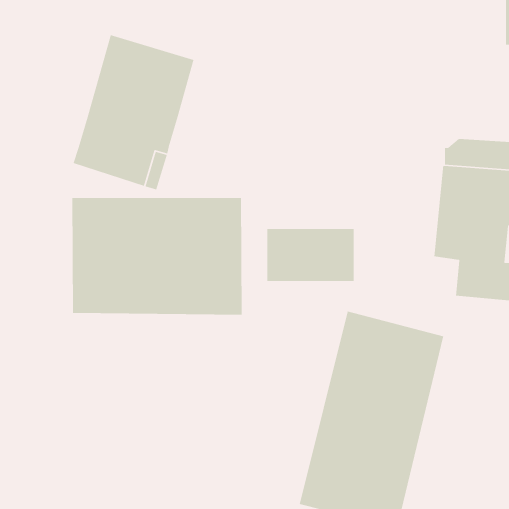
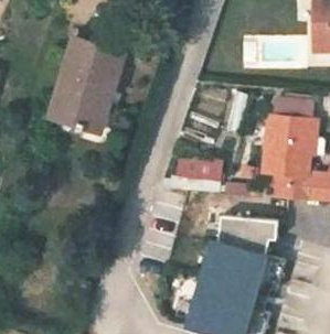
building: [72,197,242,316] -> none

